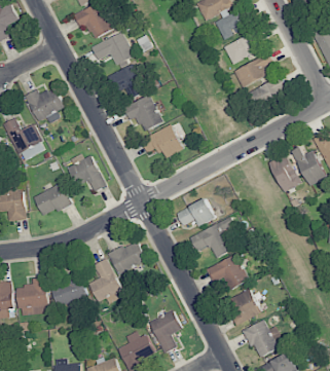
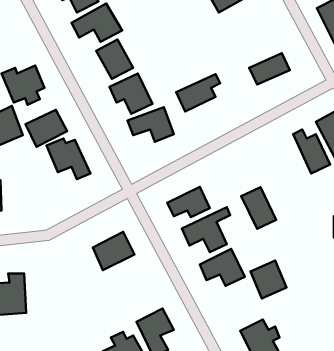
building: [223,32,260,64] -> none
building: [232,53,272,87] -> [176,74,220,111]
building: [268,154,300,192] -> [241,187,276,229]
building: [33,183,71,217] -> [25,110,67,147]
building: [87,258,121,304] -> none
building: [48,271,87,311] -> none
building: [227,289,260,324] -> [251,260,287,299]

